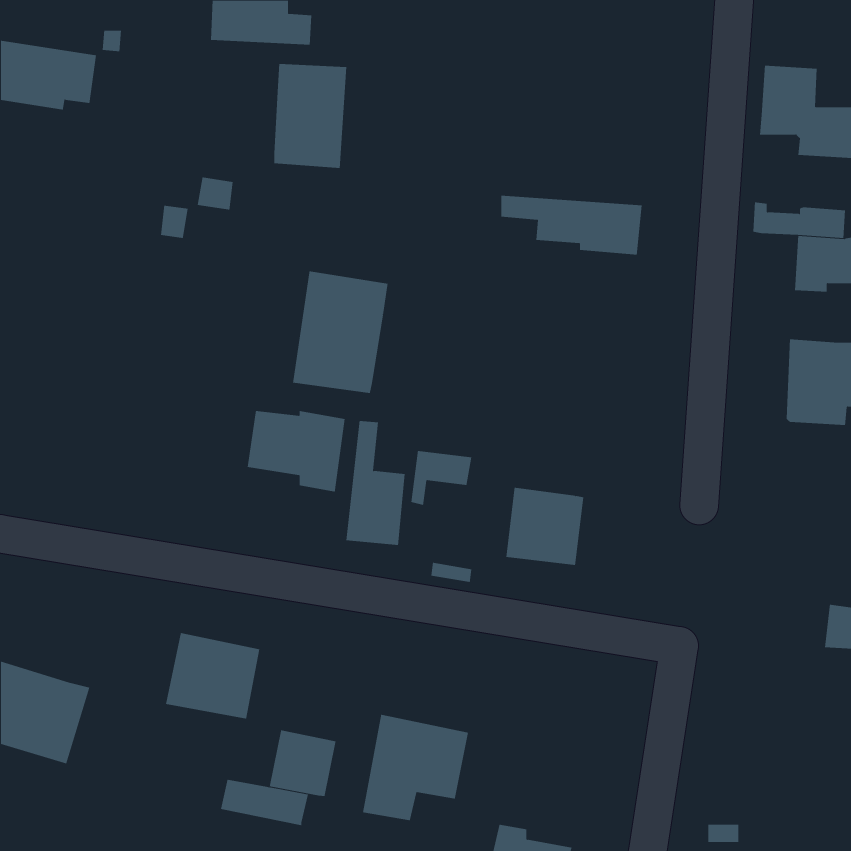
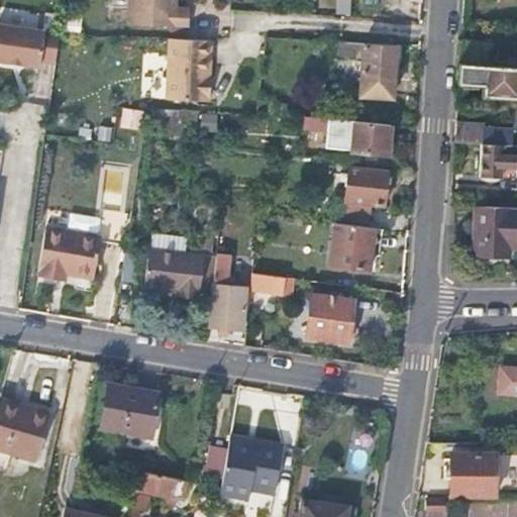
building: none -> [332,41,401,98]
building: [293,270,388,394] -> none
building: none -> [344,168,387,221]
building: none -> [330,223,384,271]
building: none -> [37,229,99,281]
building: [269,729,336,797] -> none
building: none -> [454,452,499,496]

